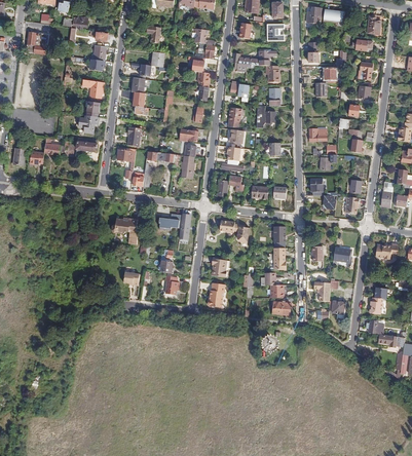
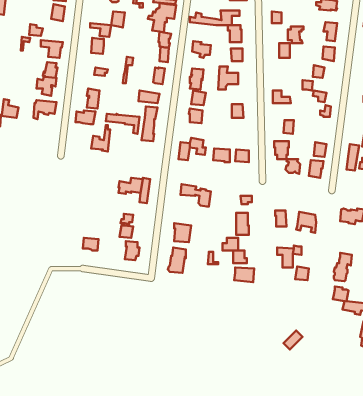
building: [111,218,138,243] -> none

